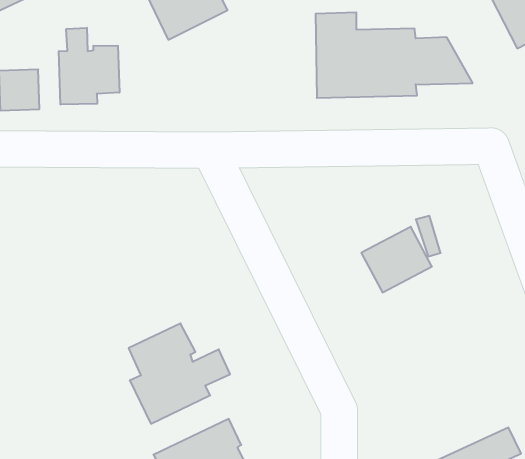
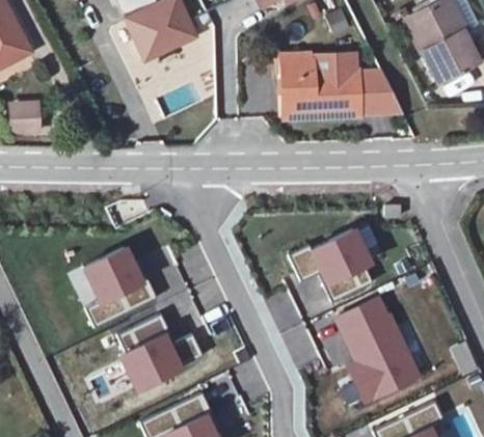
building: [59,28,119,105] -> none
building: none -> [83,247,156,326]
building: none -> [334,296,423,405]

